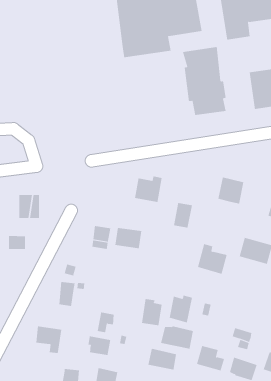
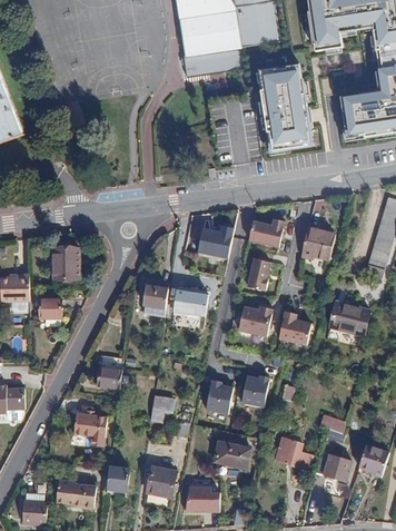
building: none -> [248,218,285,247]
building: none -> [239,304,274,335]
building: [161,326,194,350] -> none
building: [88,336,111,356] -> none

